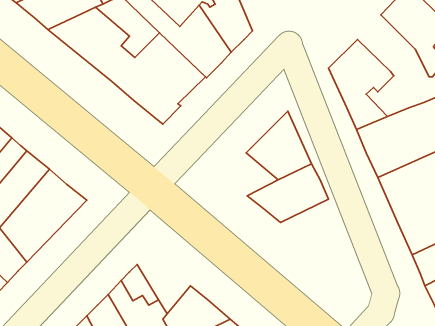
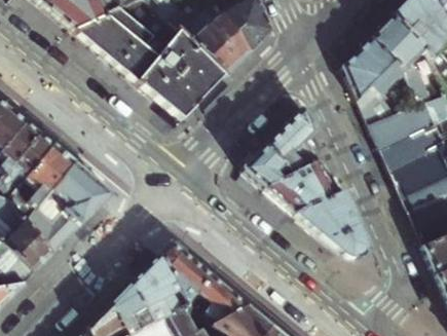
building: none -> [371,14,435,104]
building: none -> [243,147,295,188]
building: none -> [297,191,367,259]
building: none -> [159,241,211,301]

